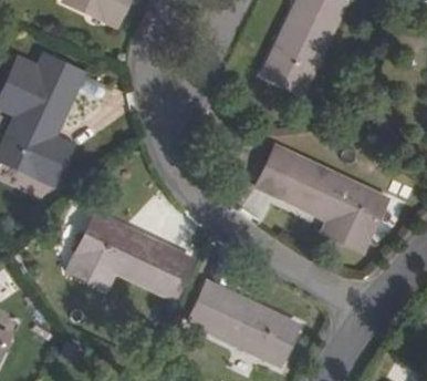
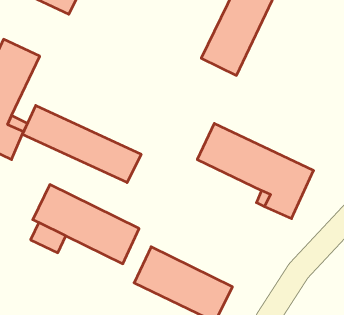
building: none -> [23,105,141,183]

